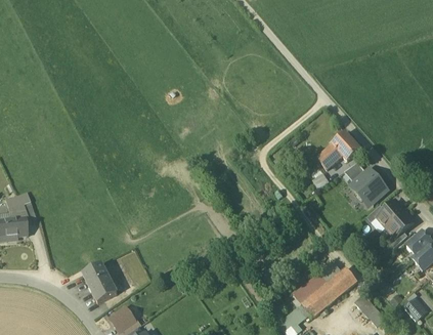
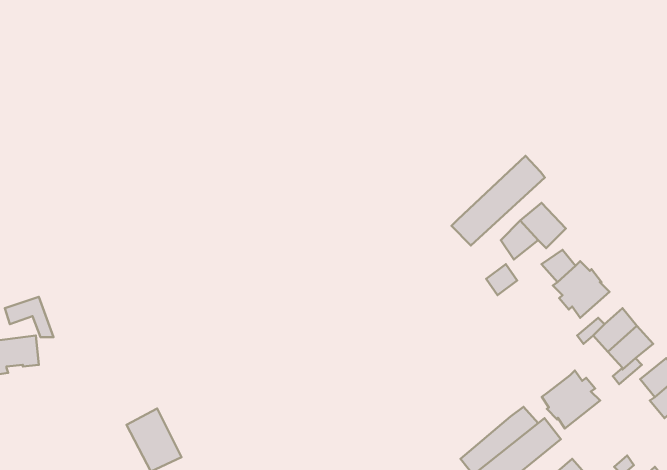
building: none -> [451,156,545,246]
building: none -> [542,371,600,428]

